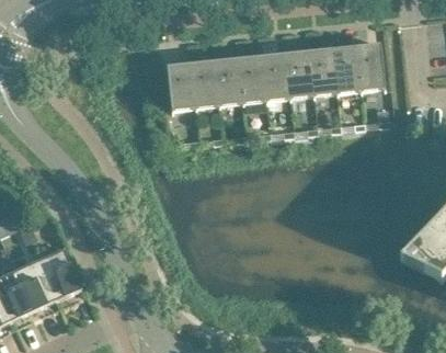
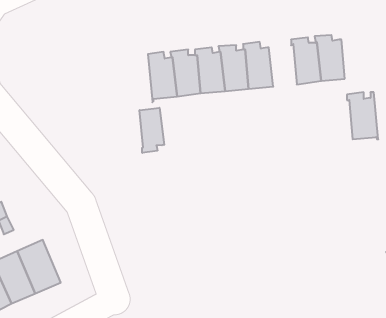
building: [354,43,385,89] -> [347,92,378,139]
building: [283,50,312,96] -> none
building: none -> [140,108,164,153]

